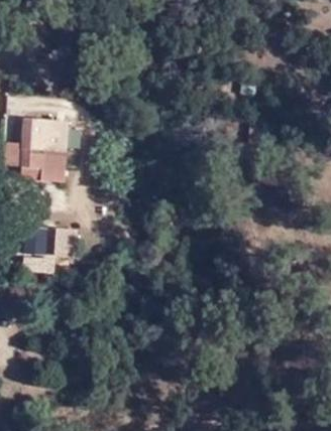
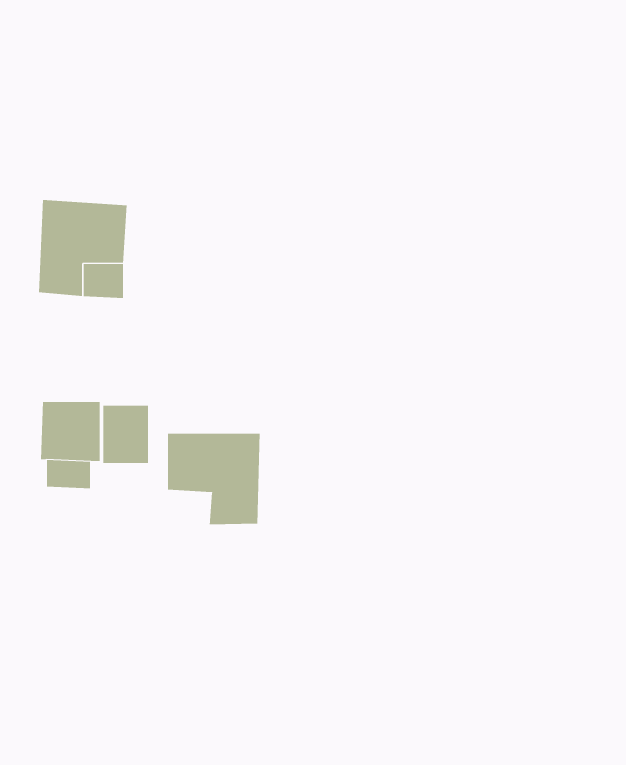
building: none -> [167,433,260,525]

